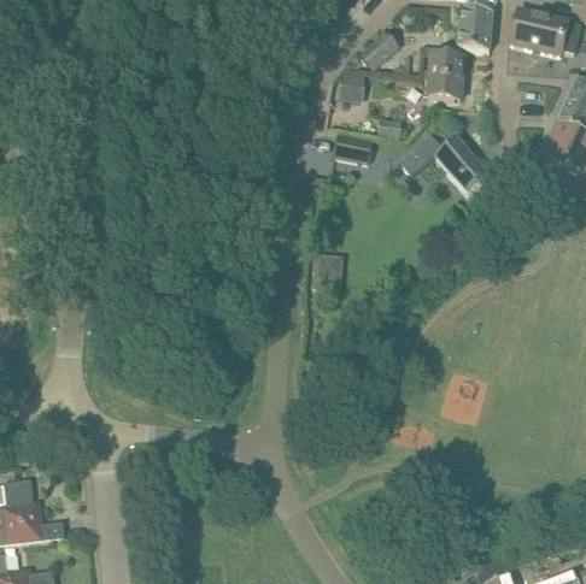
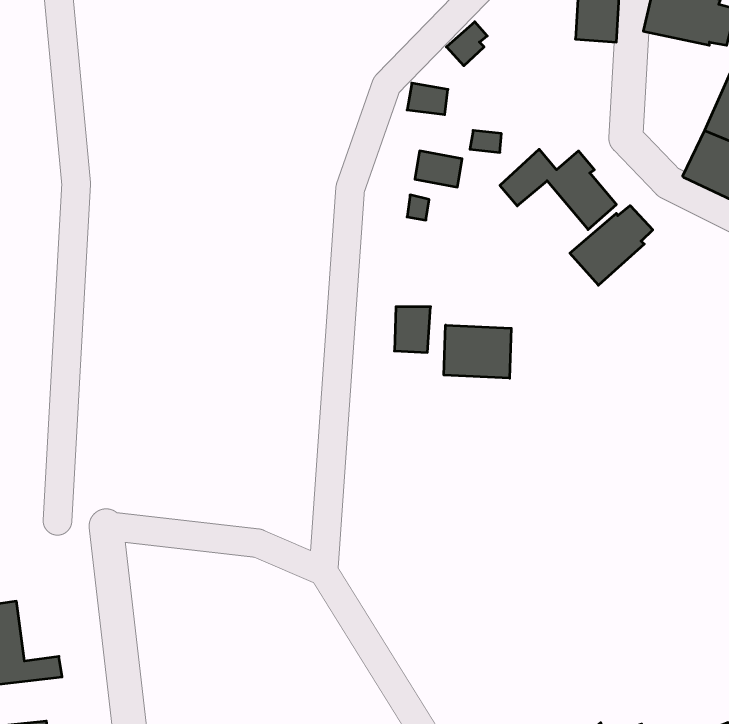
building: [428,55,464,99] -> none
building: none -> [570,206,653,285]
building: none -> [444,325,511,378]

